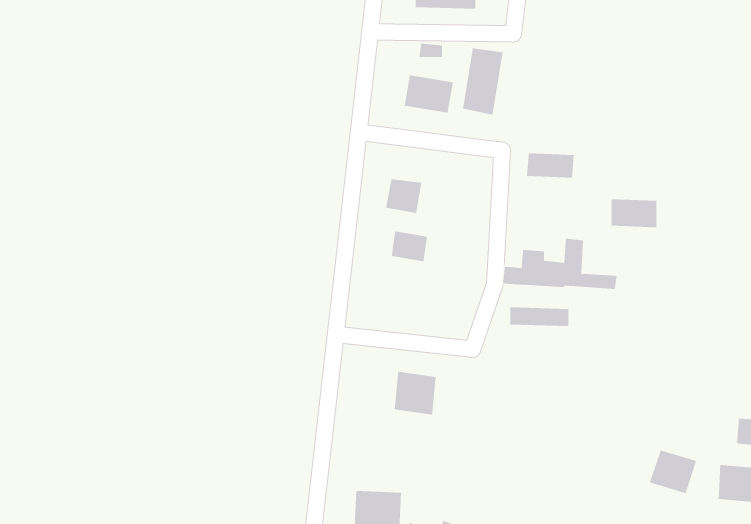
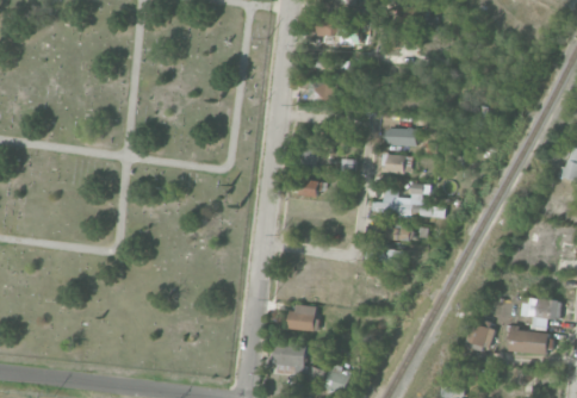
building: [462,47,504,115] -> none
building: [611,198,657,228] -> [380,155,410,174]
building: [394,371,436,415] -> [288,304,316,332]

